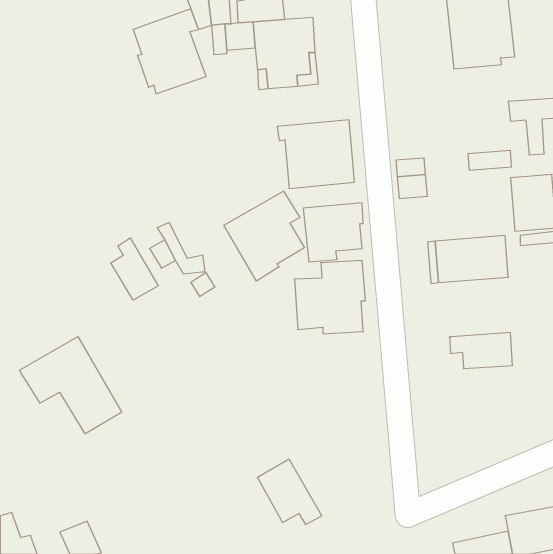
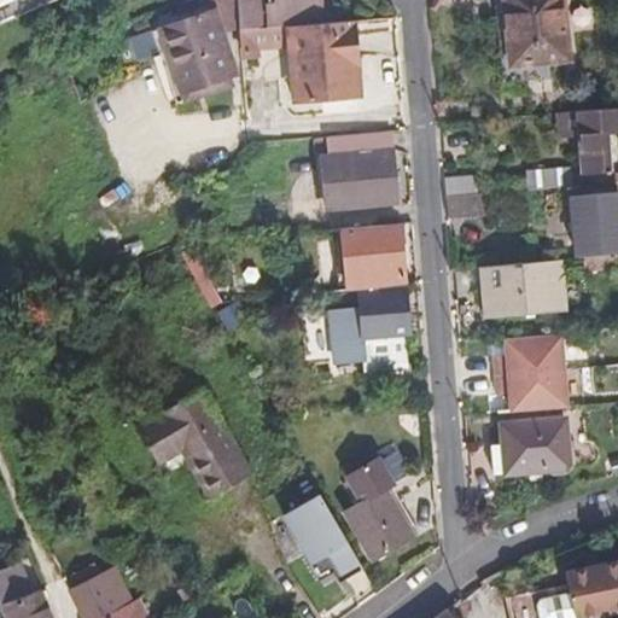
building: [224,191,305,281] -> none
building: [111,238,158,300] -> none
building: none -> [503,332,572,373]
building: [19,337,122,434] -> [146,387,260,495]
building: none -> [501,419,569,472]
building: none -> [346,460,409,559]

